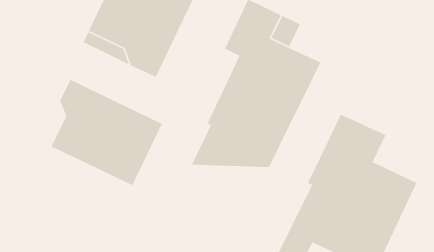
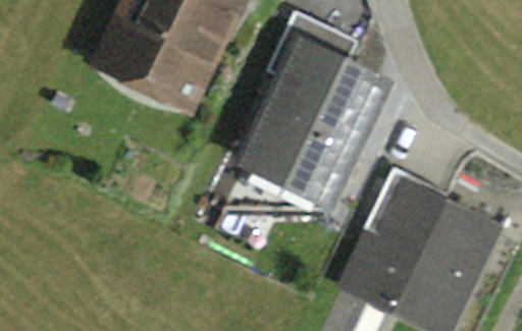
building: [51,79,163,186] -> none

